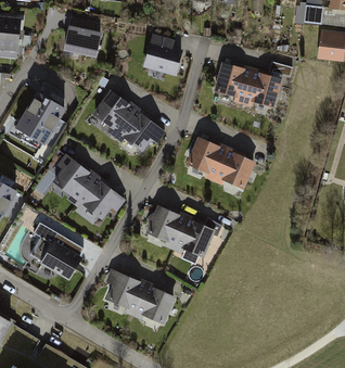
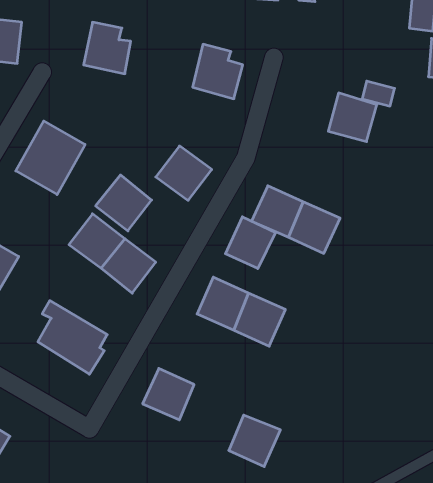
building: [216,63,252,99] -> none
building: [93,91,135,132] -> [96,175,152,231]
building: none -> [225,217,276,269]
building: [135,285,173,323] -> [229,415,280,467]

